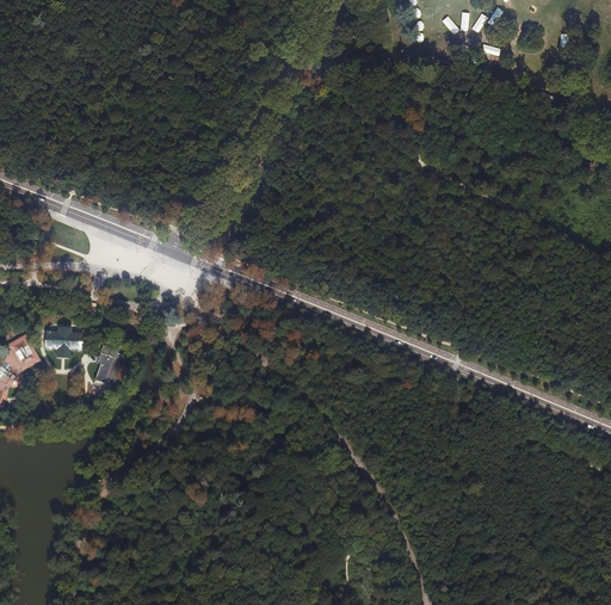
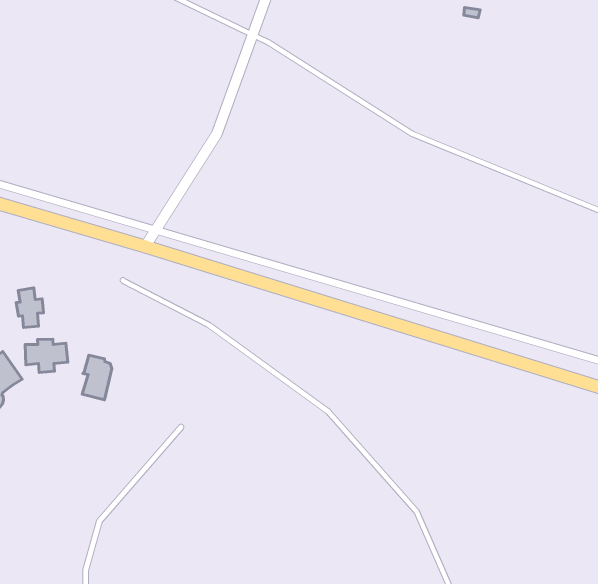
building: none -> [16,288,43,327]

